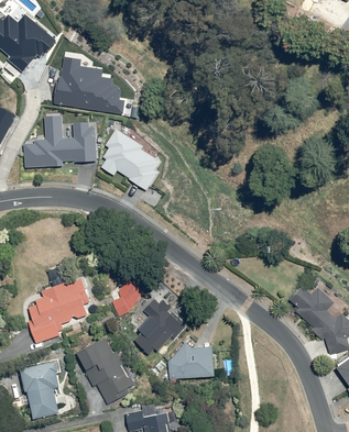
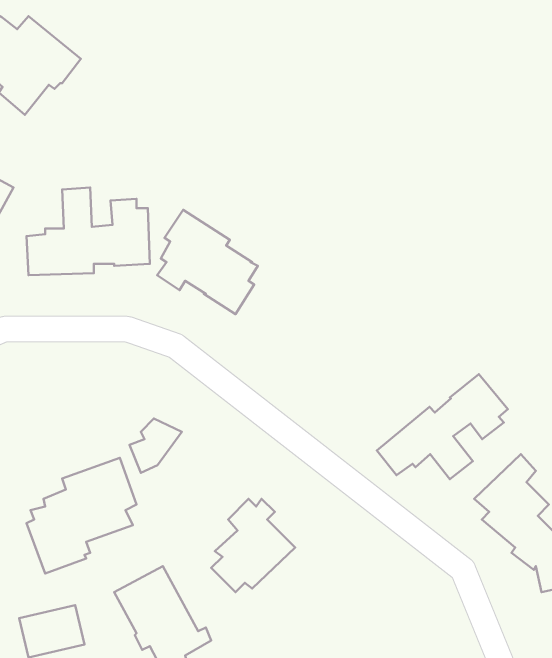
building: [54,57,126,114] -> none
building: none -> [377,374,508,479]
building: [111,285,142,317] -> [130,419,182,473]
building: [167,345,212,378] -> none

